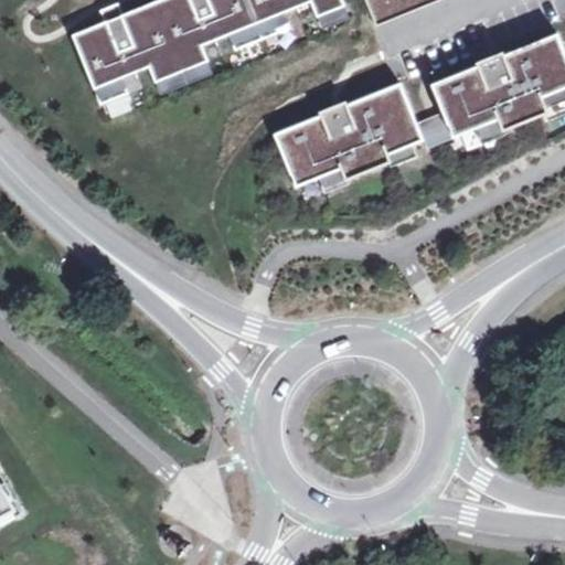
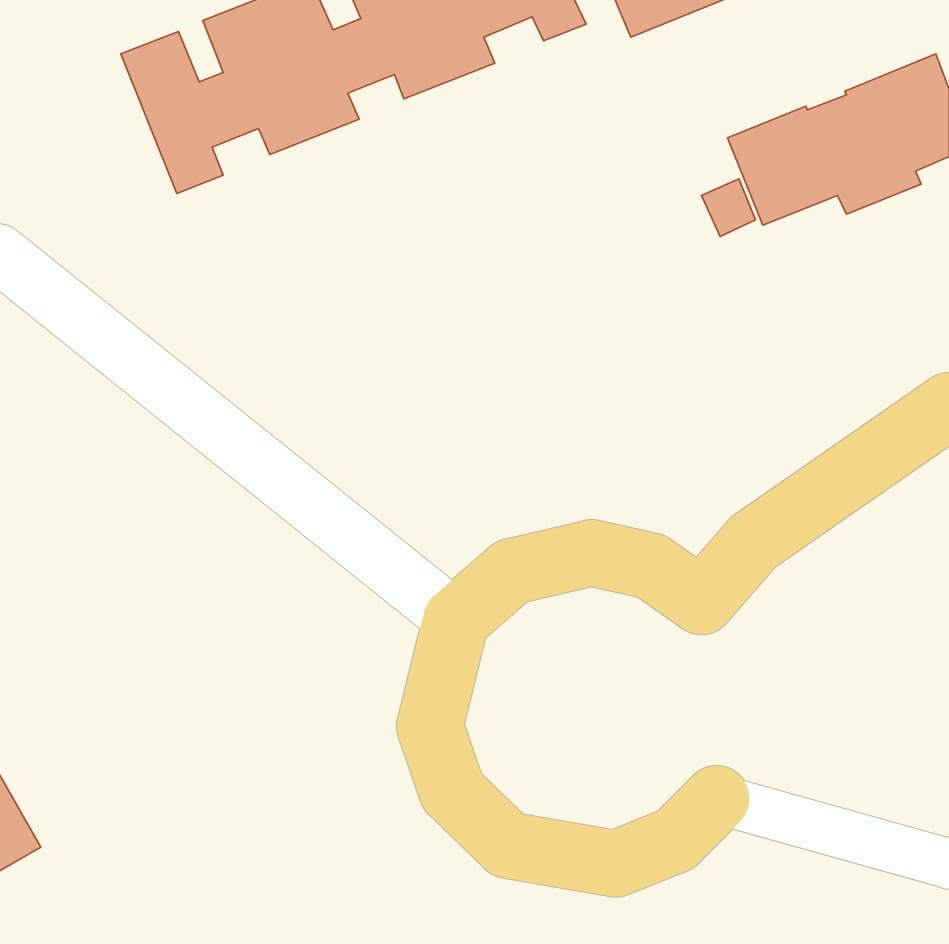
building: [275,82,422,183] -> none

